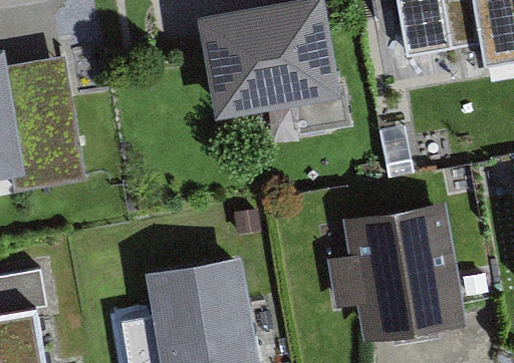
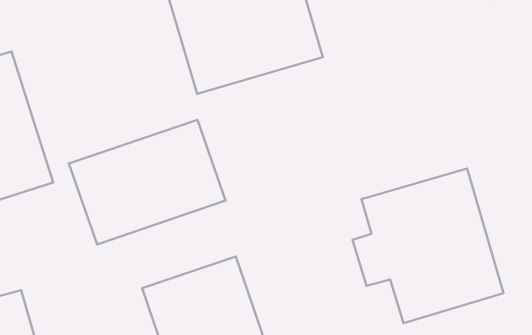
building: none -> [69,120,226,244]

